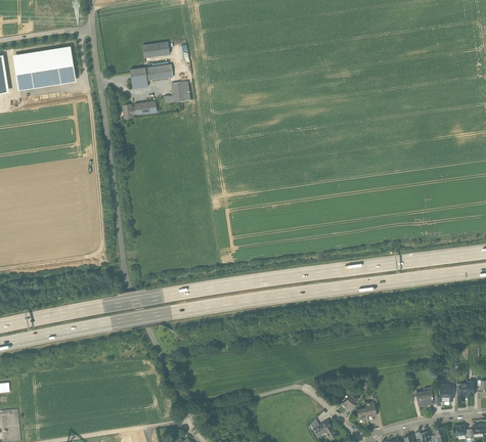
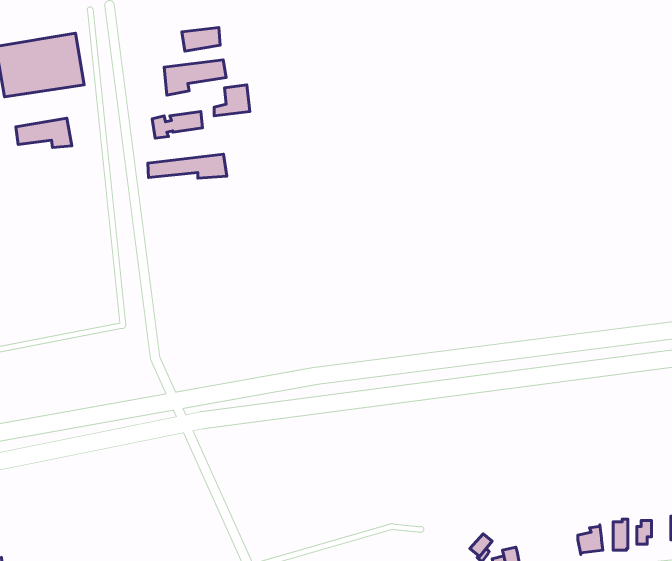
building: none -> [16,118,72,147]
building: none -> [148,154,227,178]

